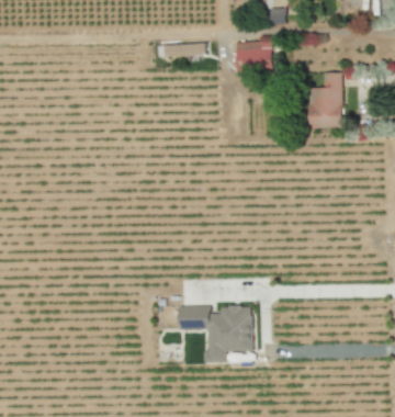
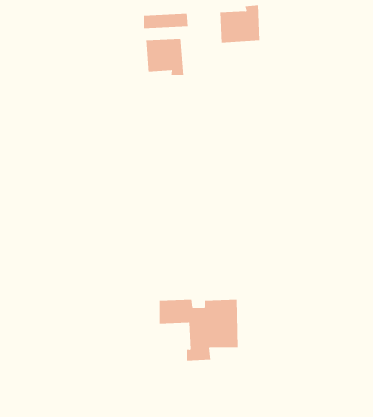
building: none -> [146,38,184,76]
building: [307,72,342,128] -> none

